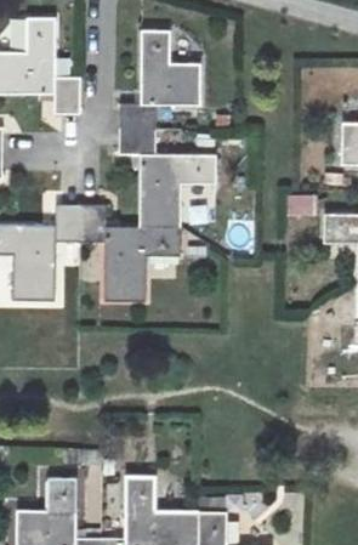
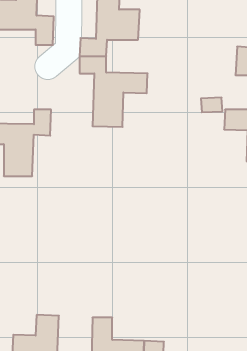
building: [78,203,180,297] -> none

